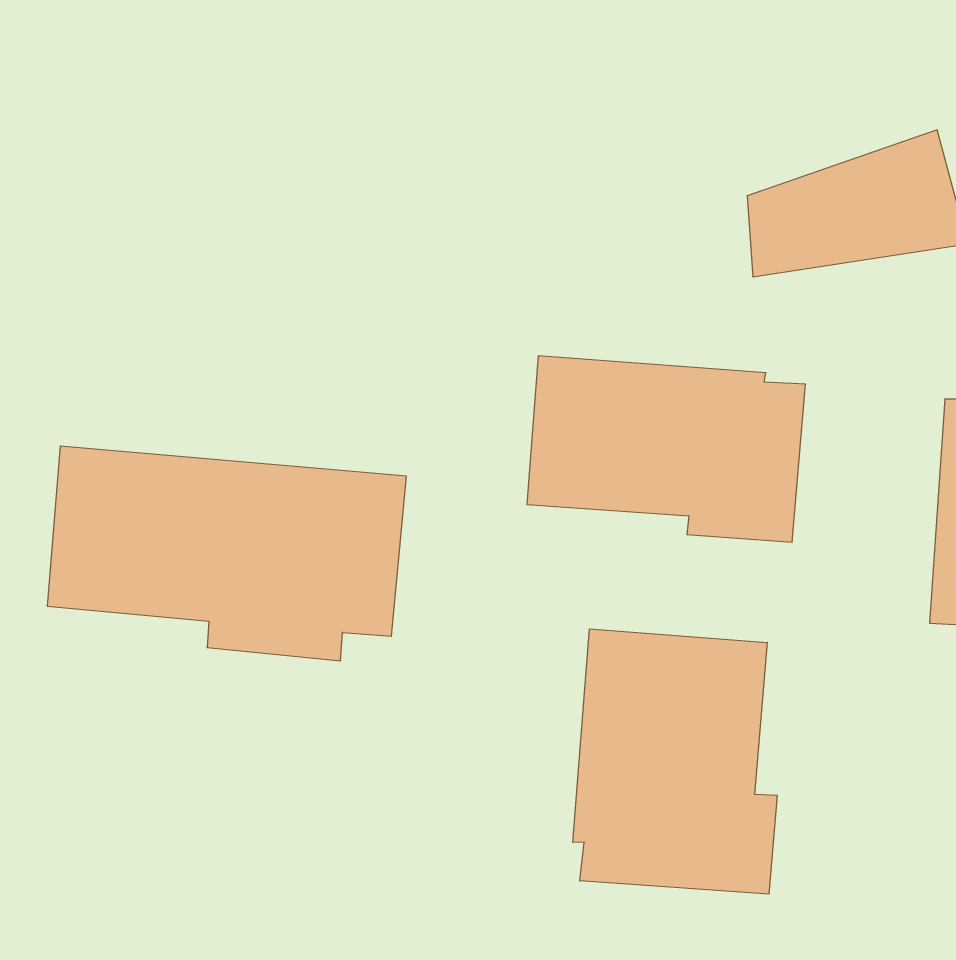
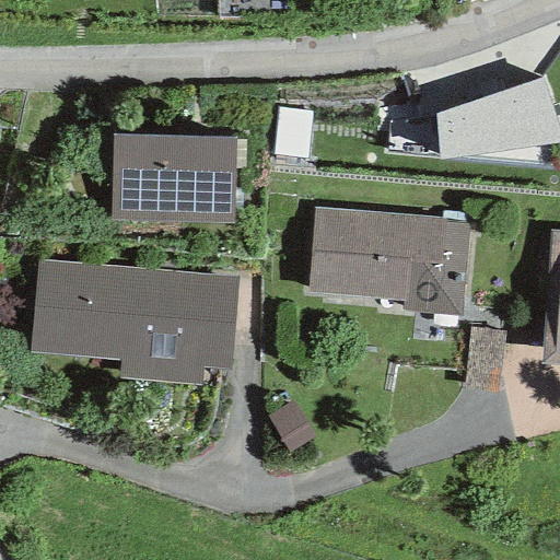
building: none -> [113,133,235,222]
building: [573,629,777,894] -> none

